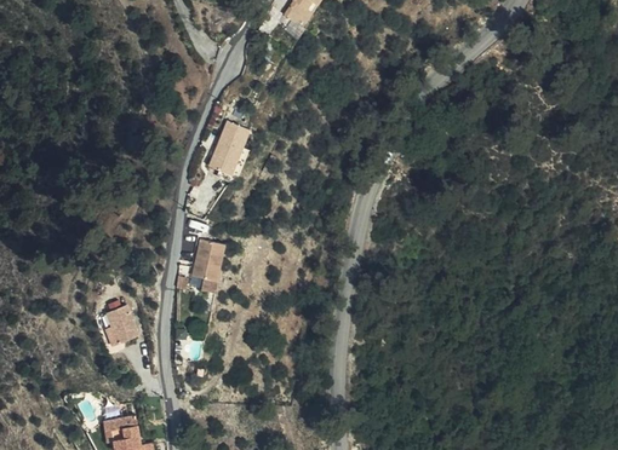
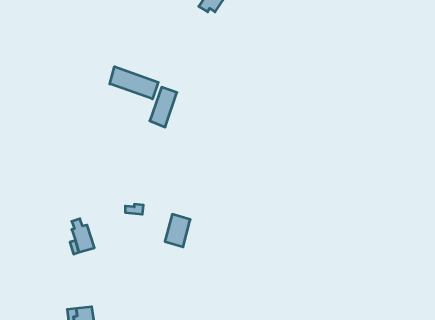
building: none -> [110,67,158,99]
building: [195,240,229,283] -> [165,214,190,247]

